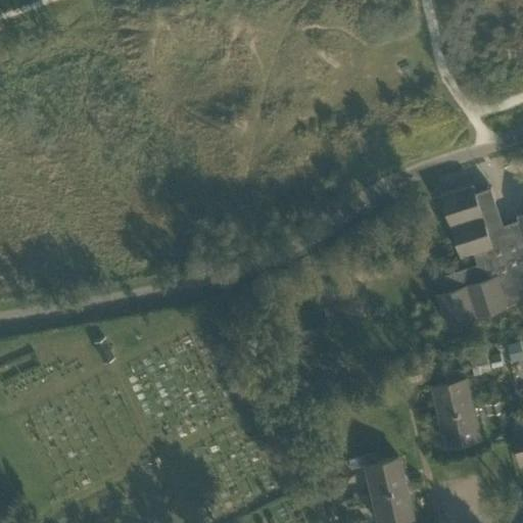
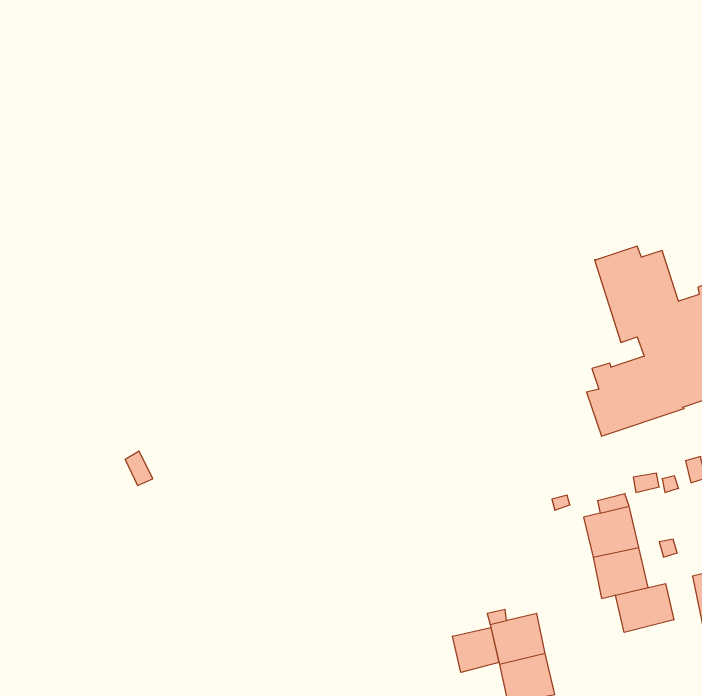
building: none -> [615,584,674,632]
building: none -> [452,627,499,672]

